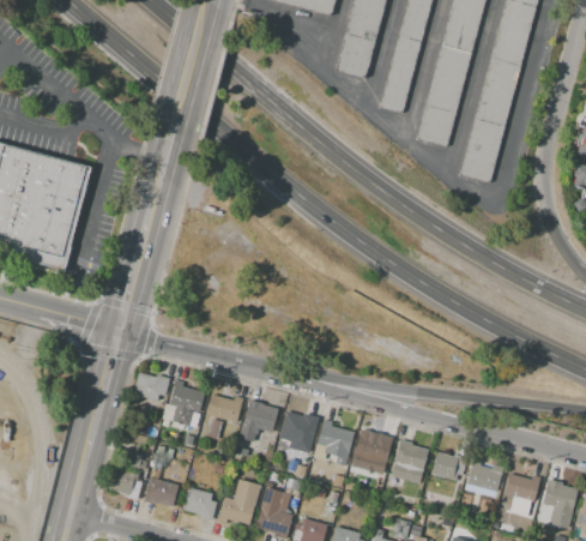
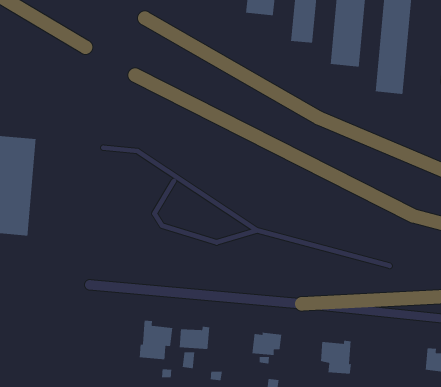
building: [132,371,170,401] -> none
building: [238,398,277,441] -> none
building: [318,419,354,463] -> none
building: [389,438,429,483] -> none
building: [431,451,464,479] -> none

